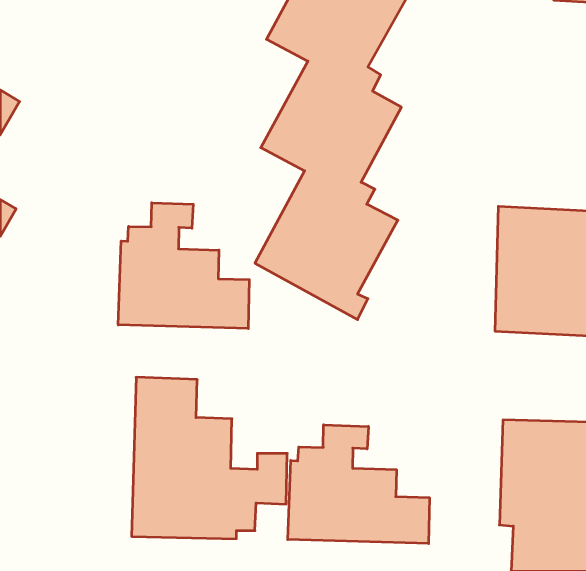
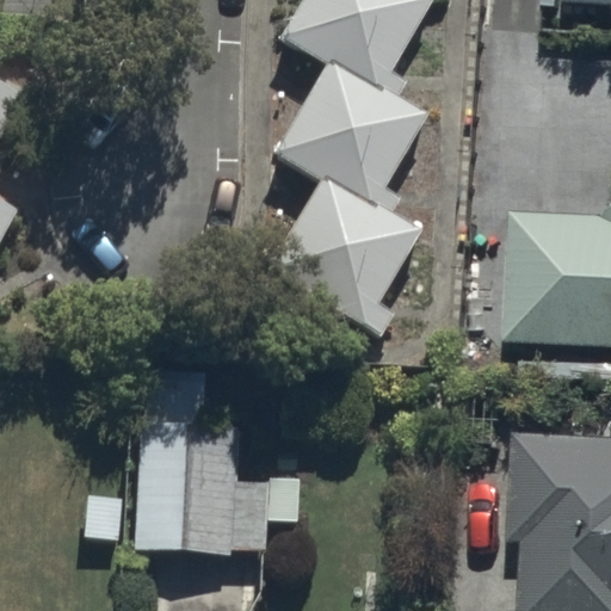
building: [118,203,249,329] -> none
building: [288,425,429,544] -> none

